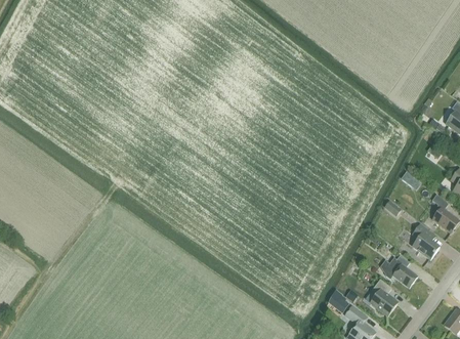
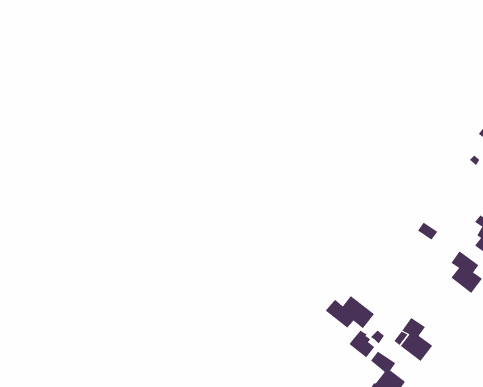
building: [381,254,417,287] -> none
building: none -> [325,295,375,329]

